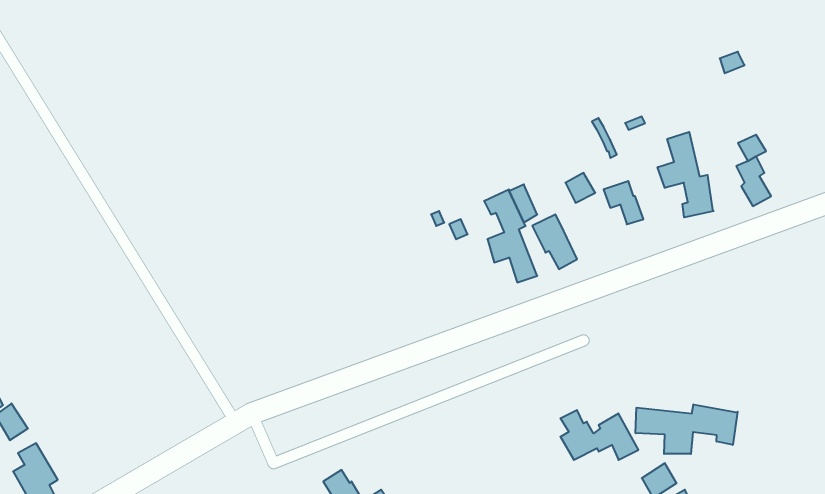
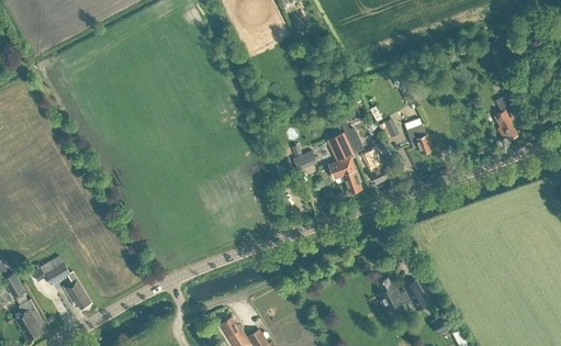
building: [658,132,714,217] -> none
building: none -> [41,257,89,310]
building: [636,404,738,454] -> none

